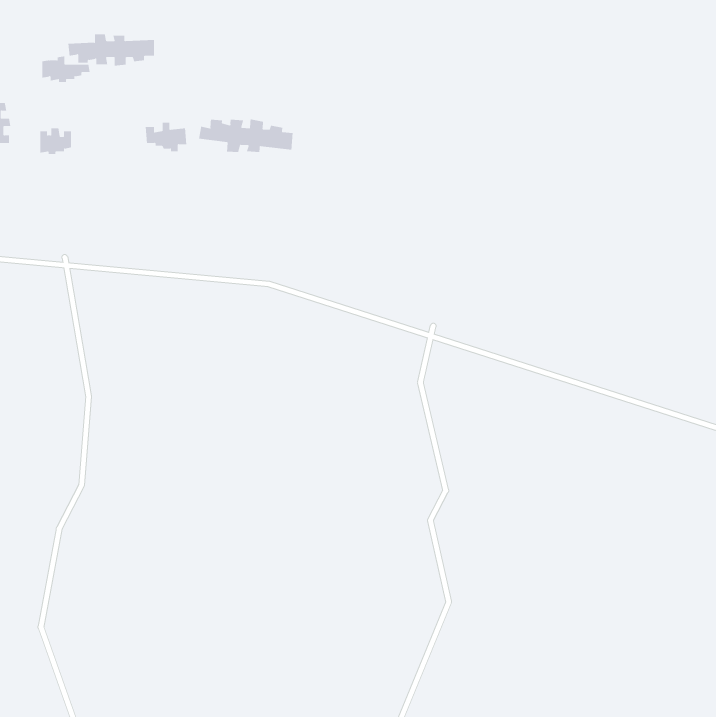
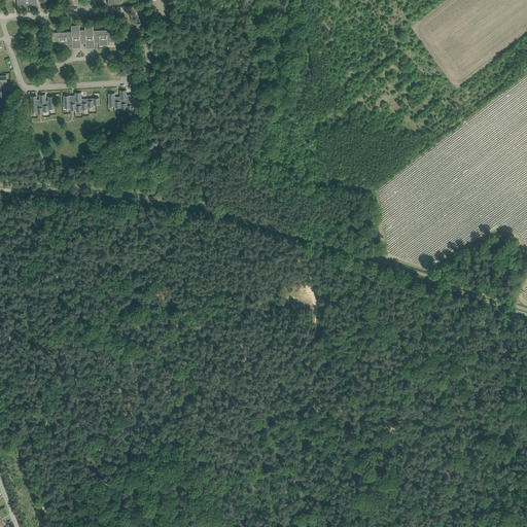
building: [41,56,91,82] -> [62,93,98,112]
building: [198,119,293,153] -> none

